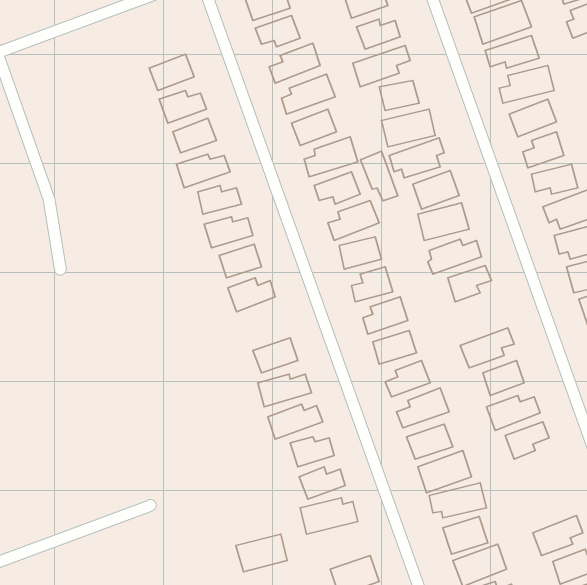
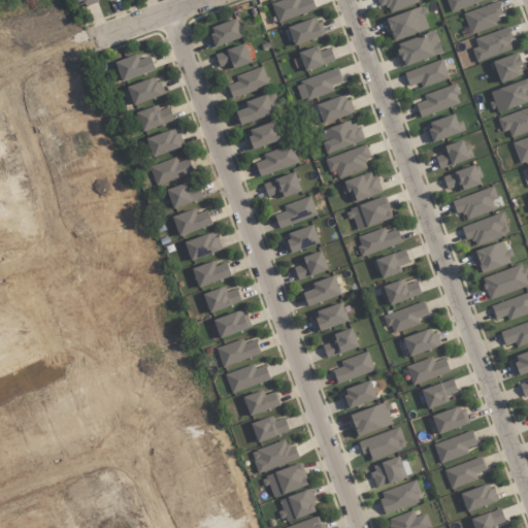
building: none -> [117,54,157,81]
building: [361,151,398,201] -> none
building: none -> [382,280,422,304]
building: none -> [204,288,242,311]
building: none -> [433,407,465,433]
building: none -> [434,432,476,462]
building: [236,534,287,572] -> [265,465,307,496]

